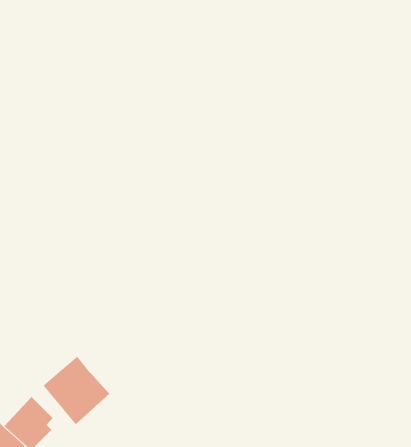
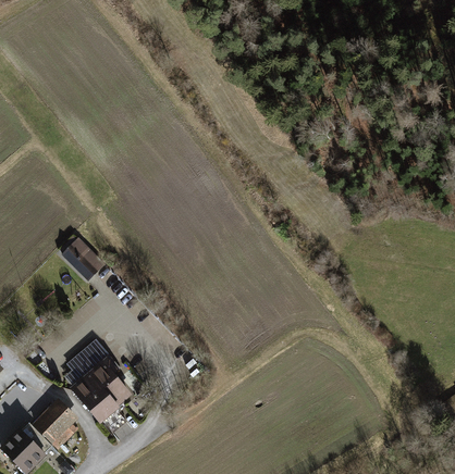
building: none -> [62,238,103,279]
building: none -> [65,339,121,385]

